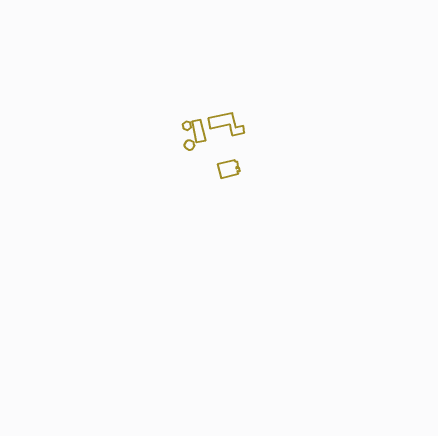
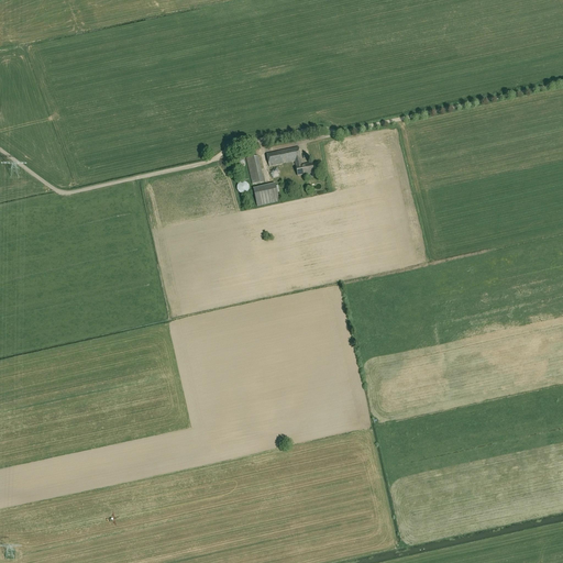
building: [218,160,240,178] -> [253,181,282,205]

